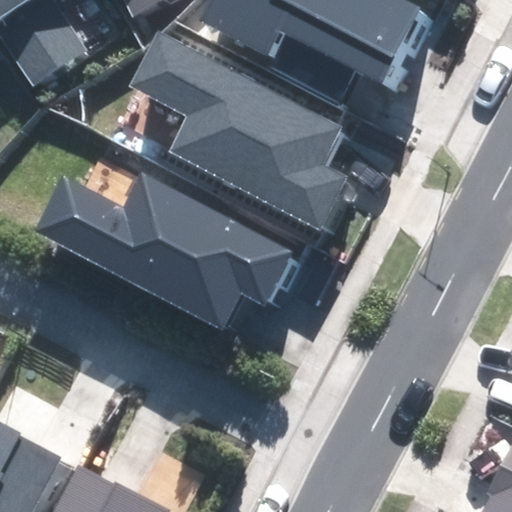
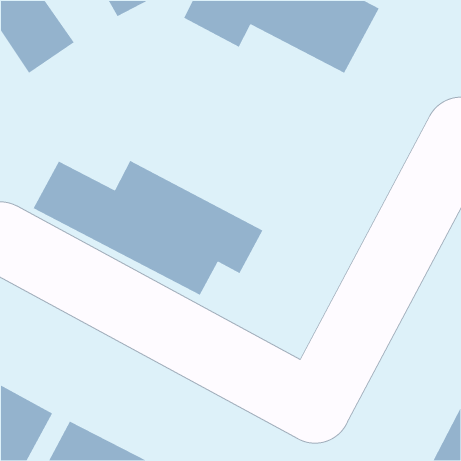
building: [132,30,346,229] -> none

